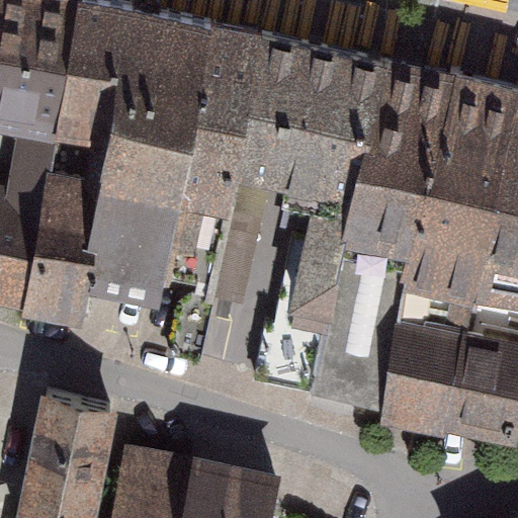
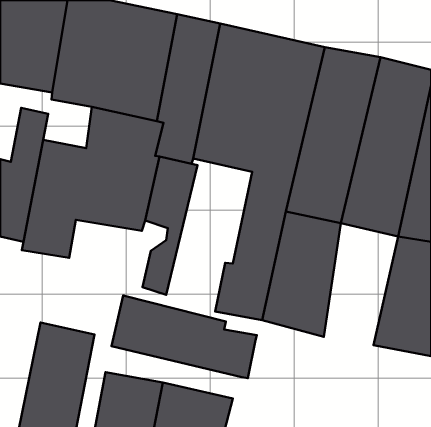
building: [388,272,478,419] -> none
building: none -> [112,295,257,378]

